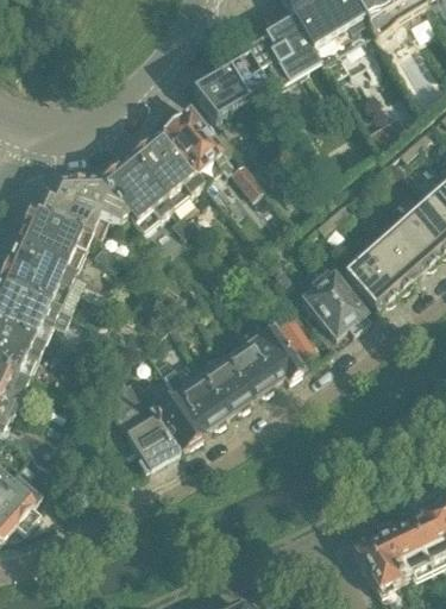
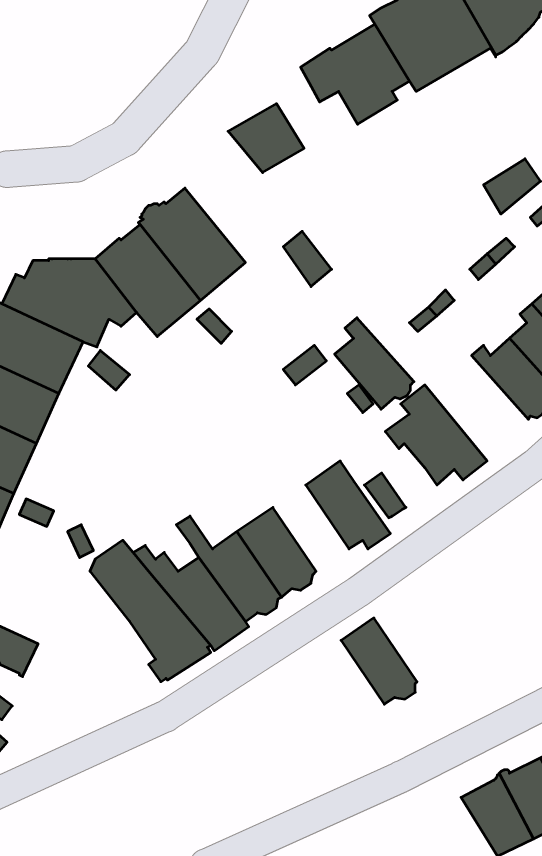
building: [225,57,266,102] -> none
building: [162,108,226,181] -> none
building: [344,245,398,308] -> [335,318,414,409]
building: [222,334,275,394] -> [341,618,417,704]

